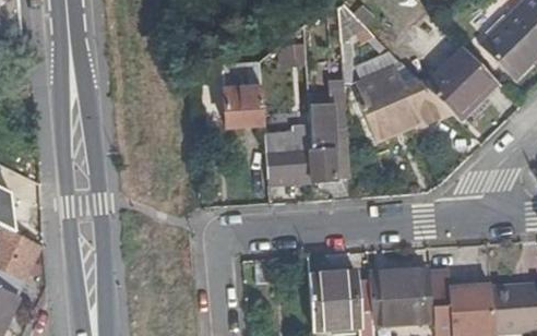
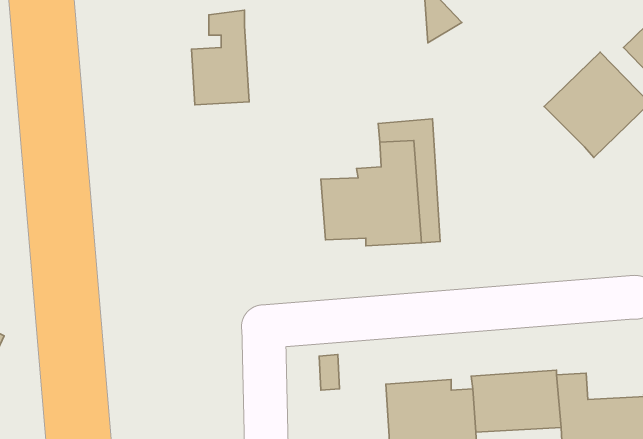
building: [224,61,264,128] -> [192,10,249,105]
building: [355,64,451,140] -> none

